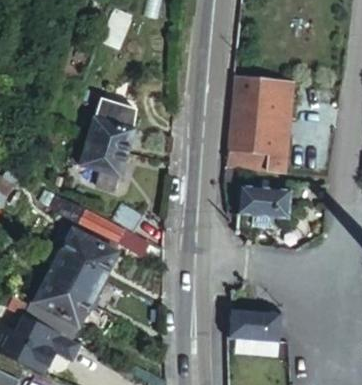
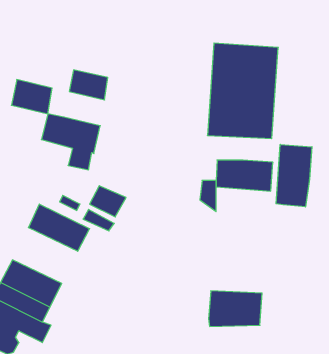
building: [94,122,132,154] -> [11,80,52,114]
building: none -> [276,144,312,207]
building: [46,249,107,301] -> none

